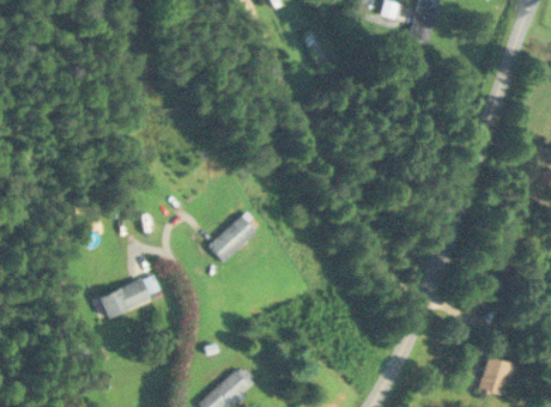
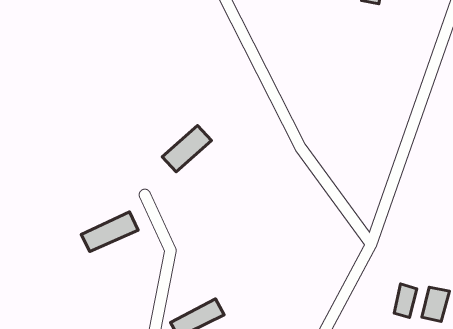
building: [206,212,261,263] -> [162,126,211,172]
building: none -> [394,284,417,317]

